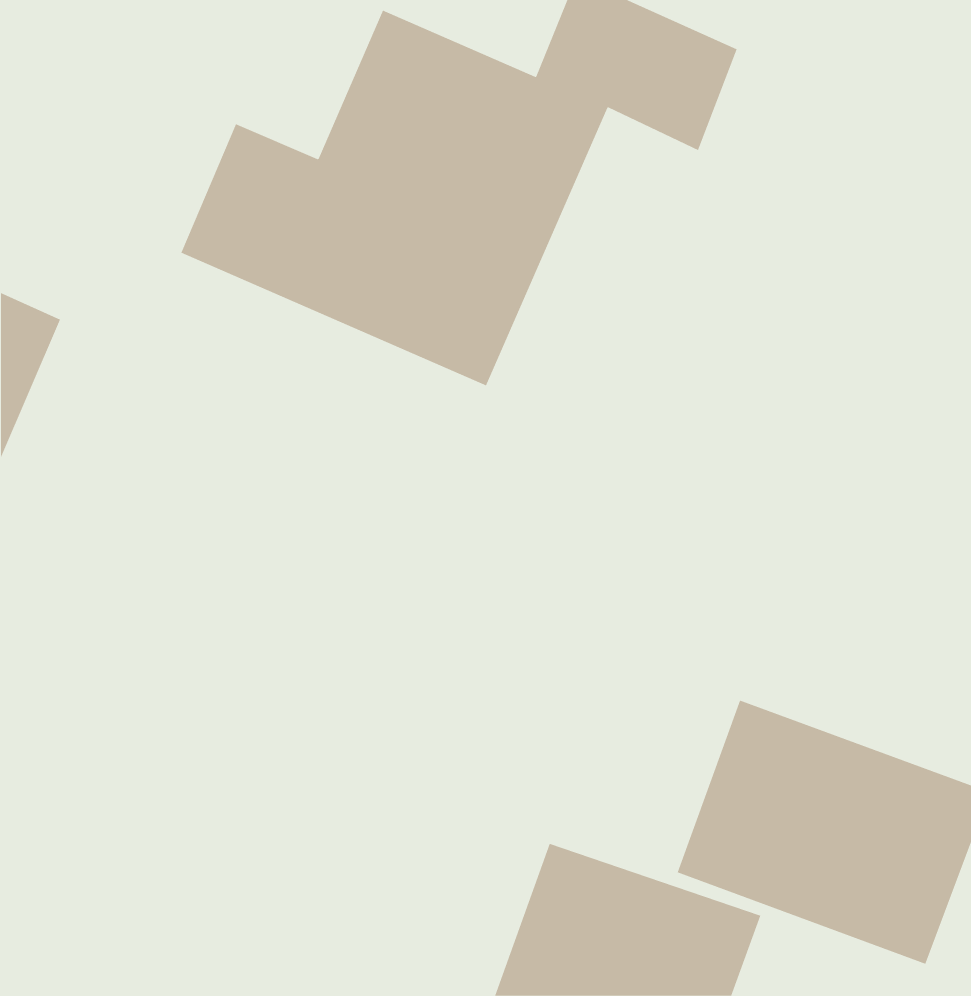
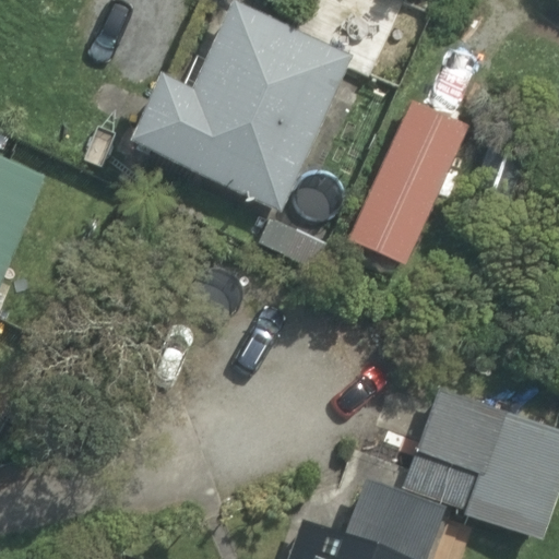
building: none -> [344,70,488,266]

